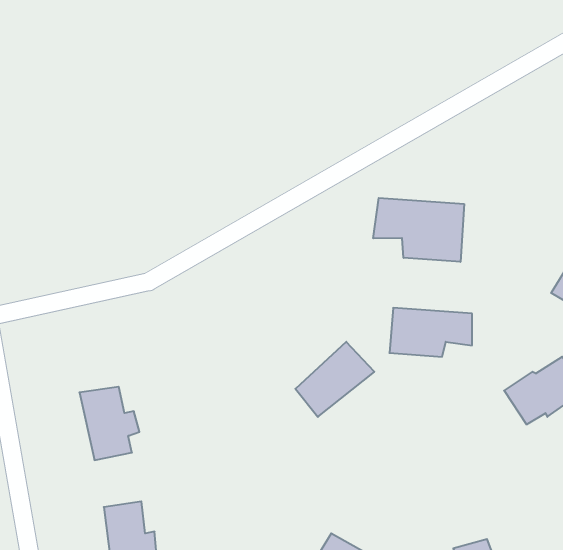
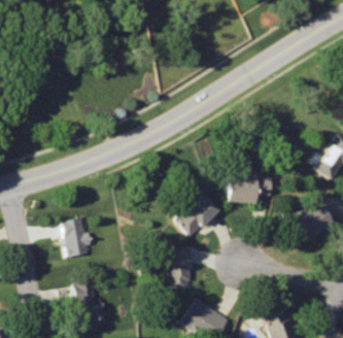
building: [373,198,464,262] -> none
building: none -> [167,246,191,288]

